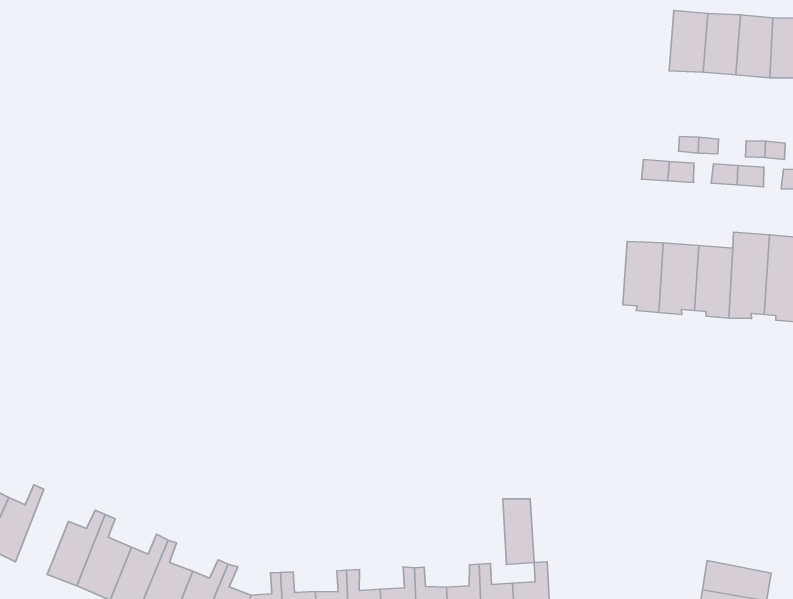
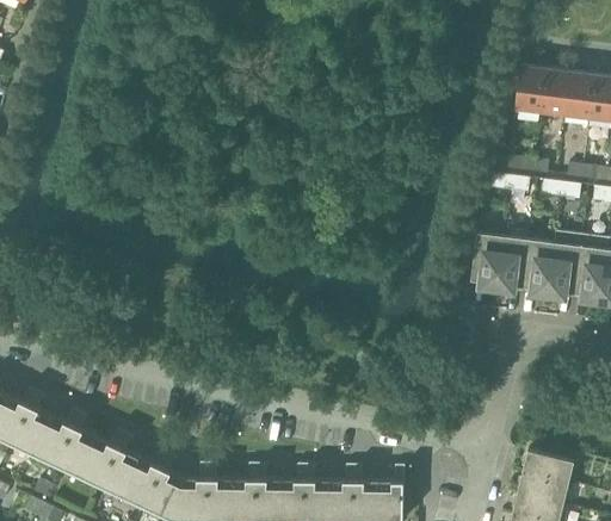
building: none -> [13,393,54,457]
building: [503,499,534,564] -> none
building: none -> [523,453,574,486]

